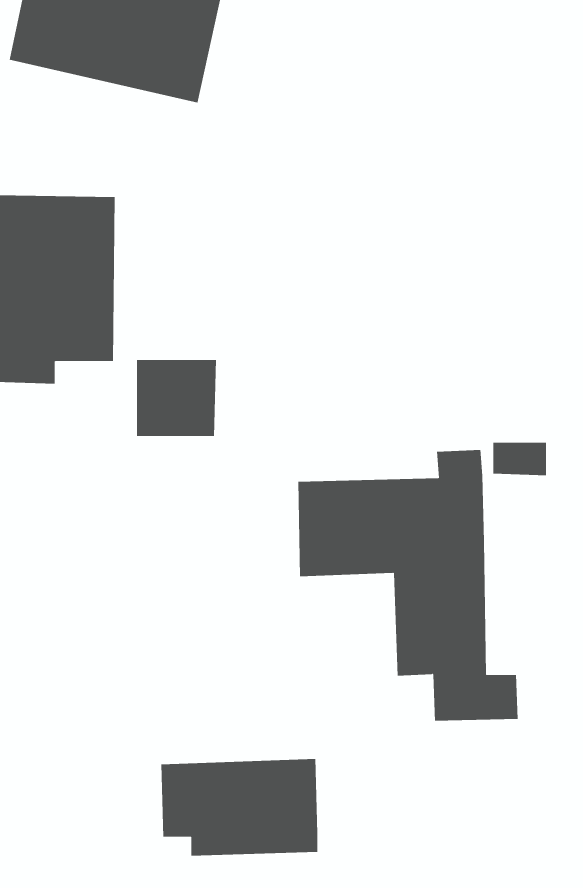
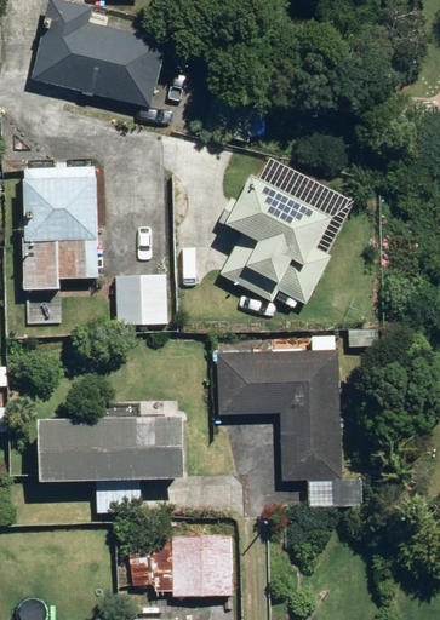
building: none -> [213,172,336,312]
building: none -> [44,414,189,511]

